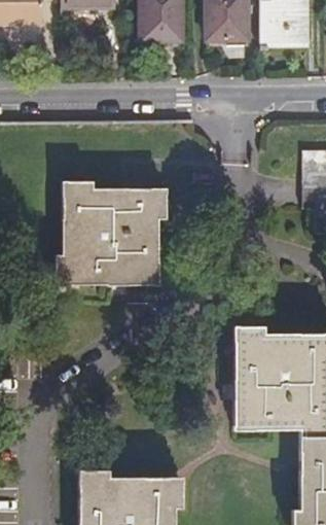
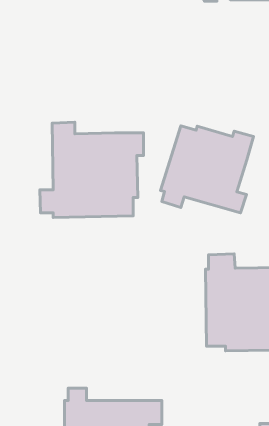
building: none -> [161,126,254,213]

